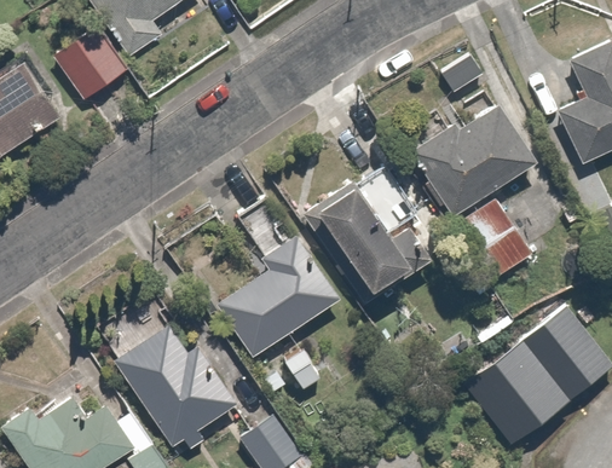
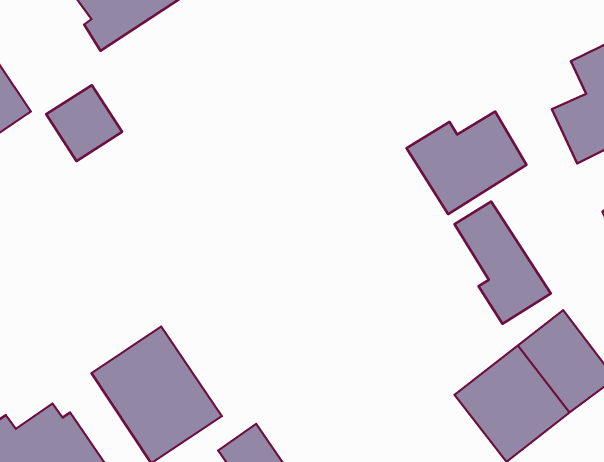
building: [50,27,122,99] -> [46,85,122,161]
building: [319,164,433,295] -> none
building: [219,237,340,359] -> none

